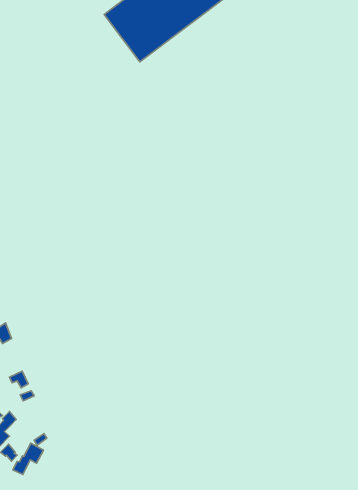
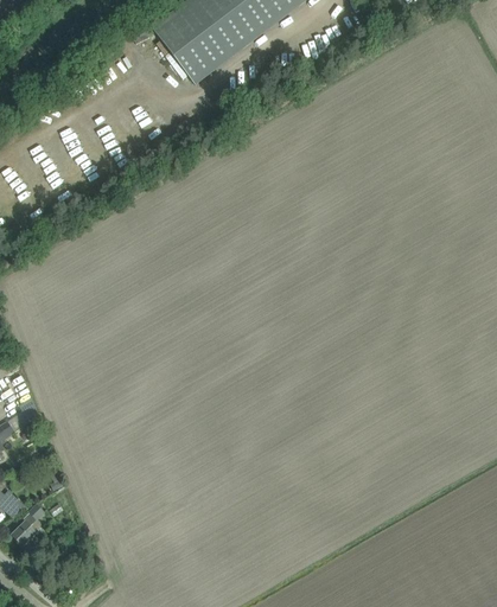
building: [13,443,43,474] -> none

